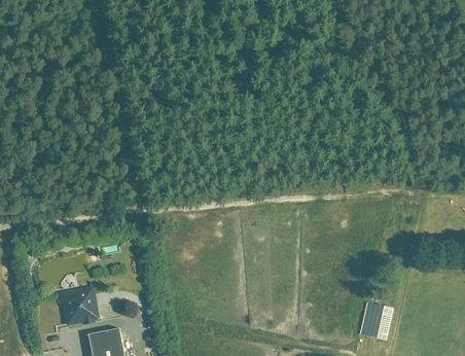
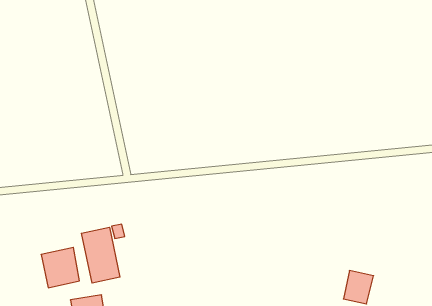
building: none -> [81,227,120,283]

